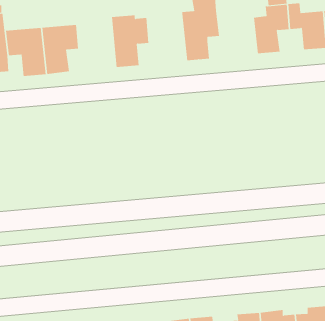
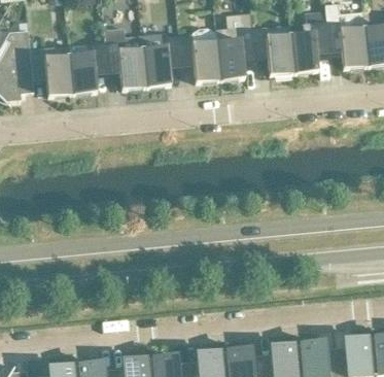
building: none -> [252,26,294,75]
building: none -> [104,27,146,89]
building: none -> [179,27,220,81]

